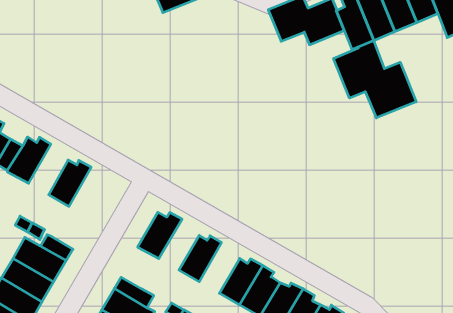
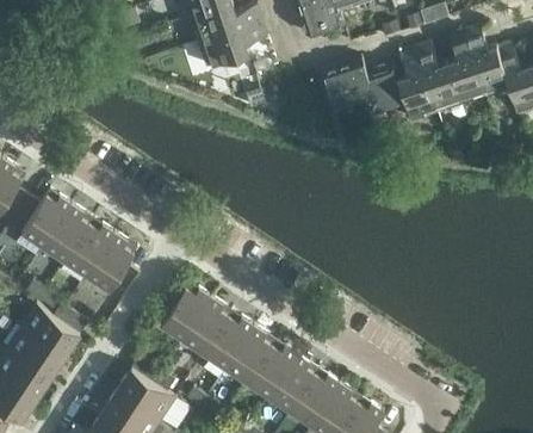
building: [334,41,416,118] -> none
building: none -> [44,205,89,261]
building: none -> [87,234,134,291]
building: none -> [182,298,229,354]
building: none -> [225,327,272,383]

